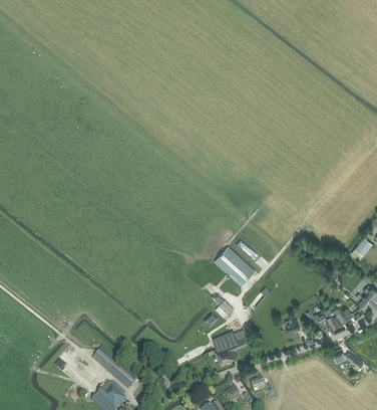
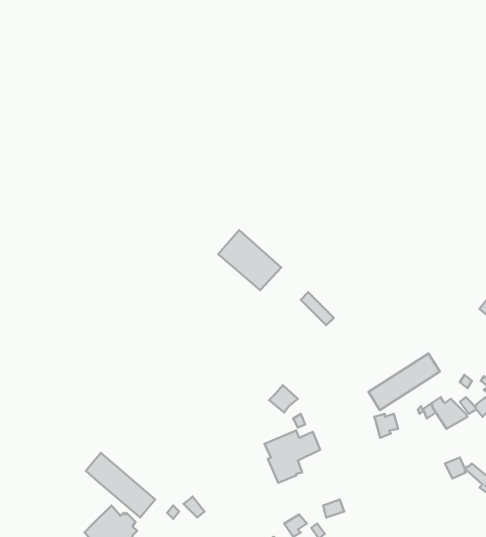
building: [214,246,256,286] -> [218,230,281,290]
building: none -> [368,353,440,410]

